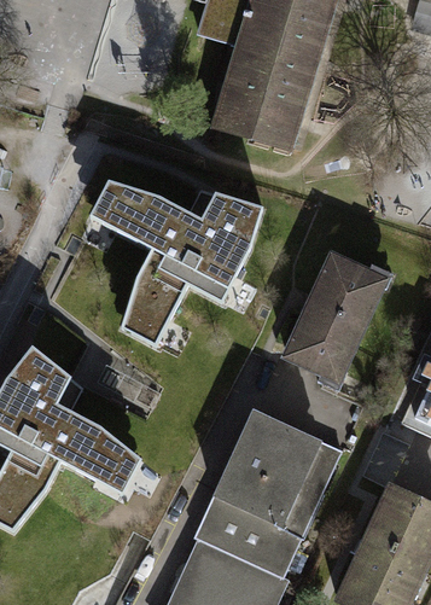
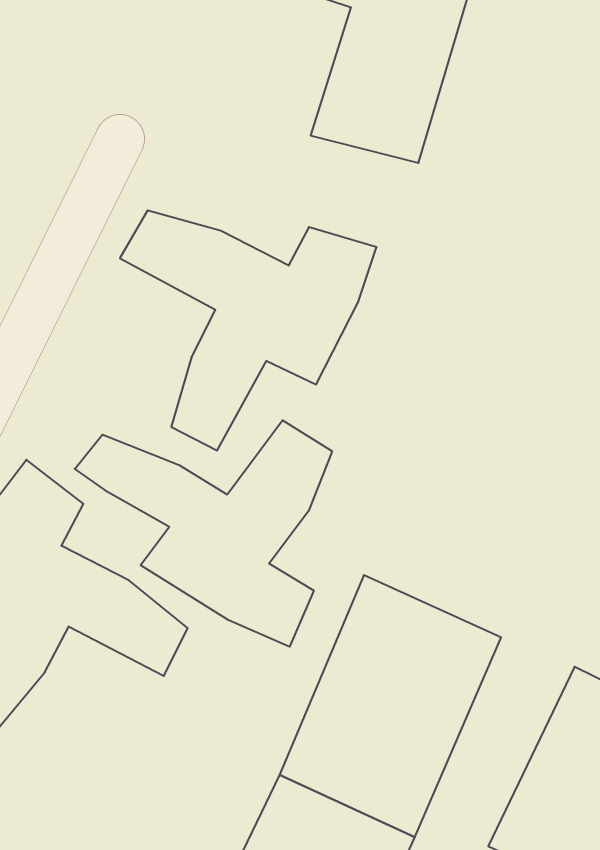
building: [276,250,388,386] -> none
building: none -> [75,420,332,647]

